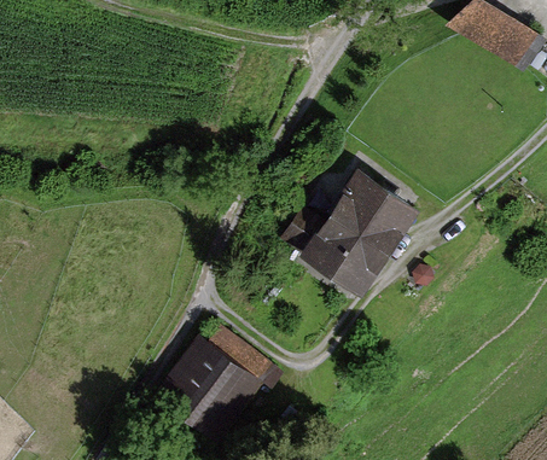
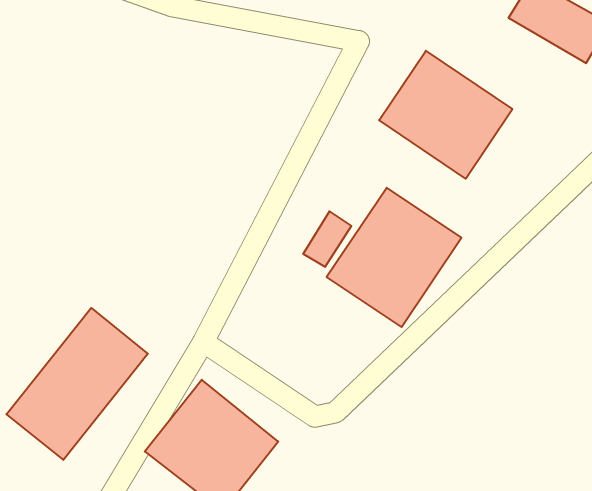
building: none -> [379,51,512,179]
building: none -> [6,308,148,460]

